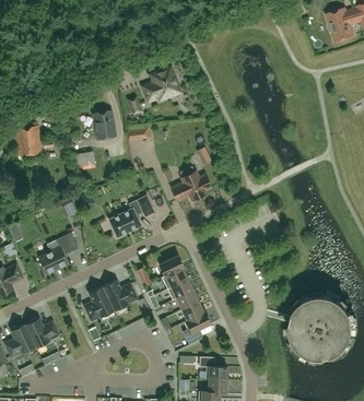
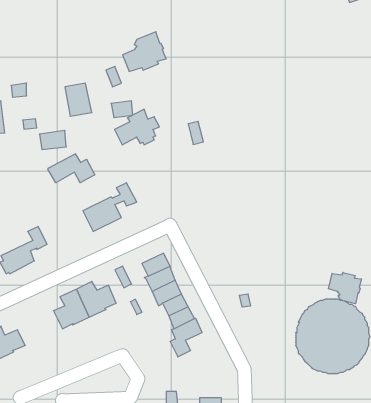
building: [171,170,209,201] -> [115,109,159,145]
building: none -> [48,154,95,183]
building: none -> [328,272,361,304]
building: [199,356,227,379] -> none

